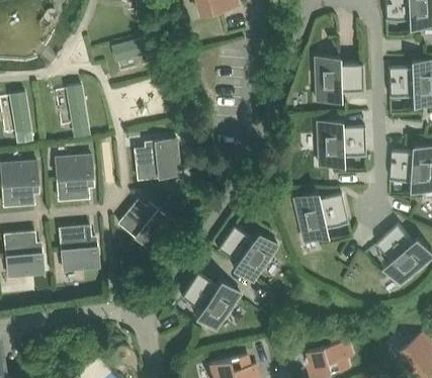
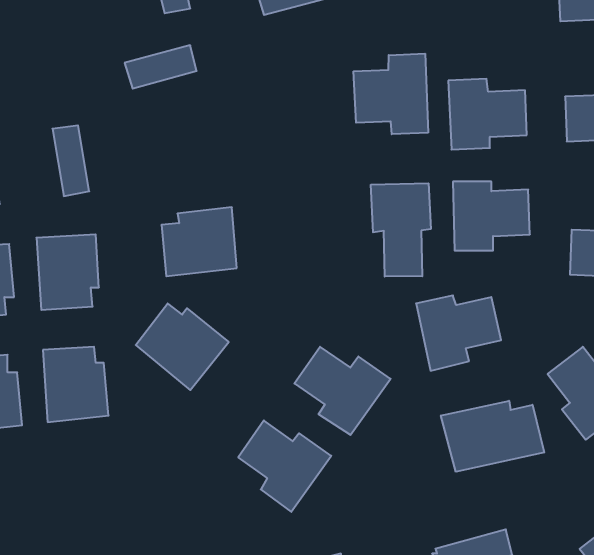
building: none -> [354,54,428,134]
building: none -> [371,183,431,277]
building: none -> [441,401,544,472]

